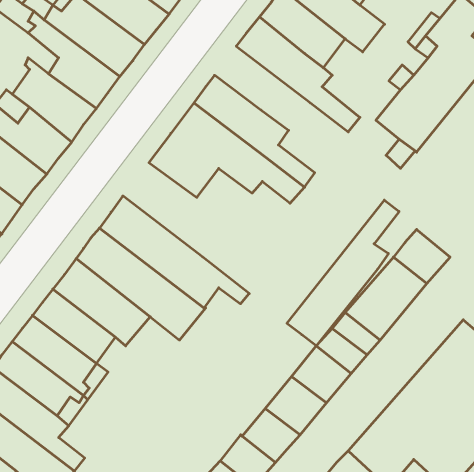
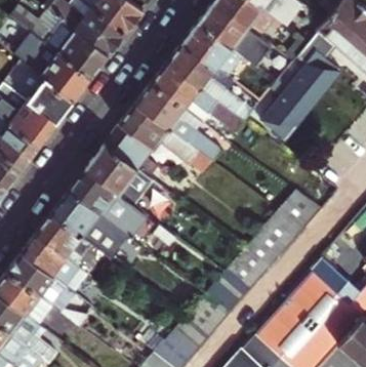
building: none -> [152,60,246,134]
building: none -> [87,142,163,209]
building: [287,200,399,346] -> none

